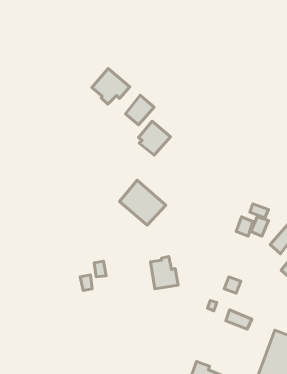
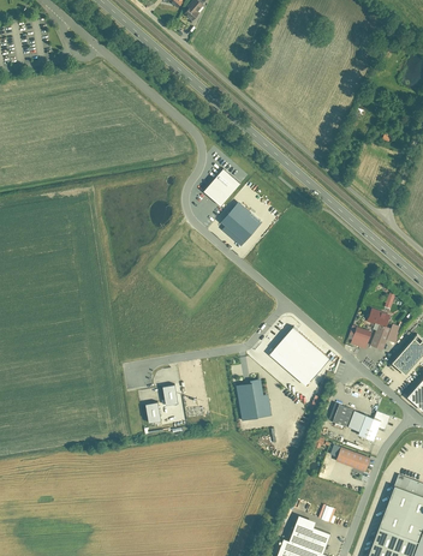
building: [92,68,130,104] -> none
building: [120,180,166,225] -> [269,327,329,385]
building: none -> [348,411,382,441]

